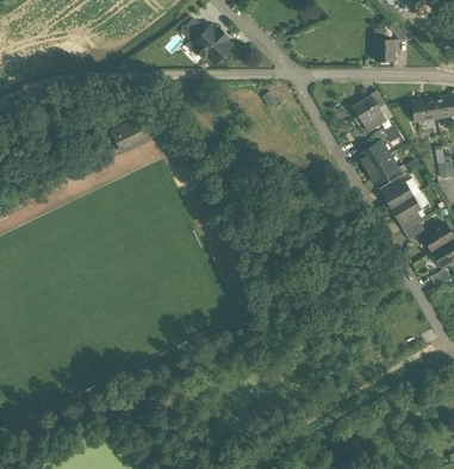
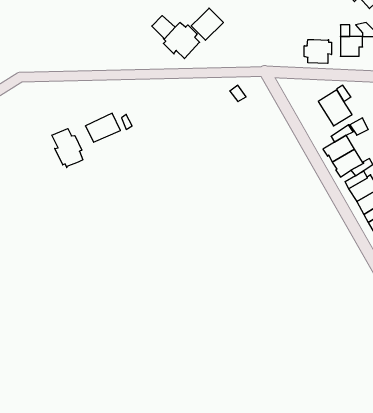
building: none -> [191,8,223,40]
building: none -> [304,40,331,63]
building: none -> [52,129,83,168]

